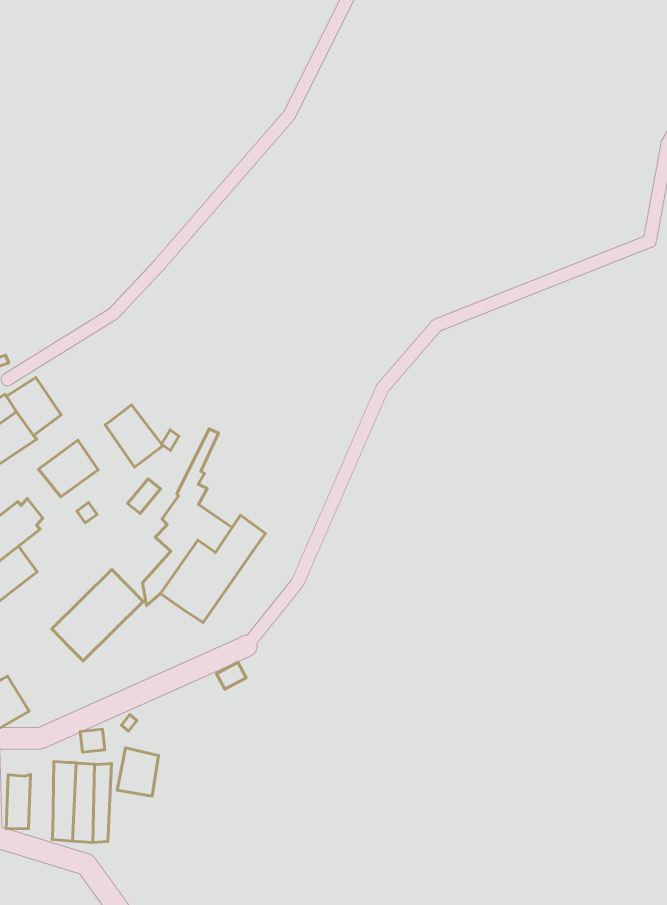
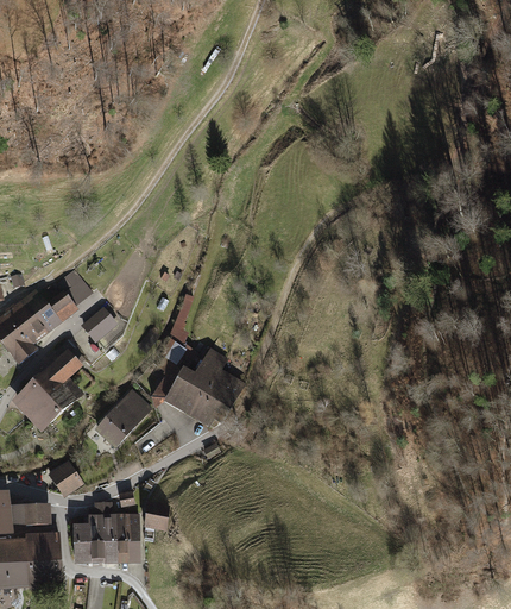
building: [105,405,163,467] -> none
building: none -> [191,368,245,427]
building: none -> [88,501,112,557]

